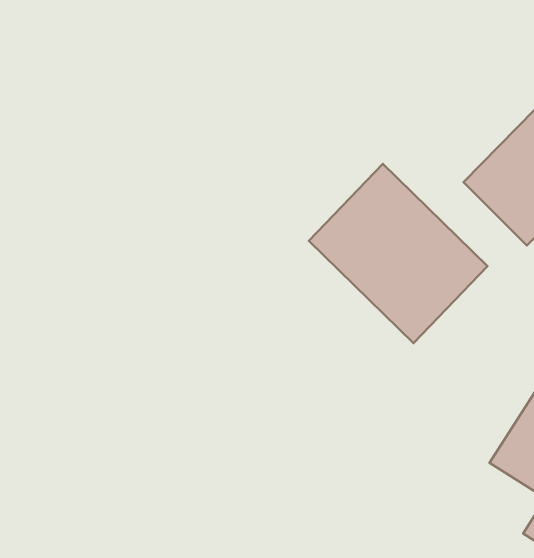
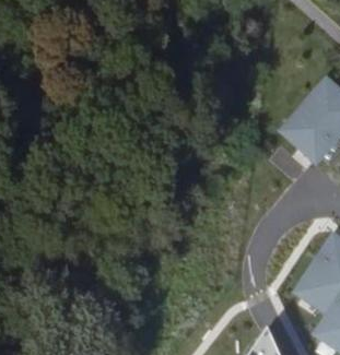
building: [309,164,488,343] -> none

